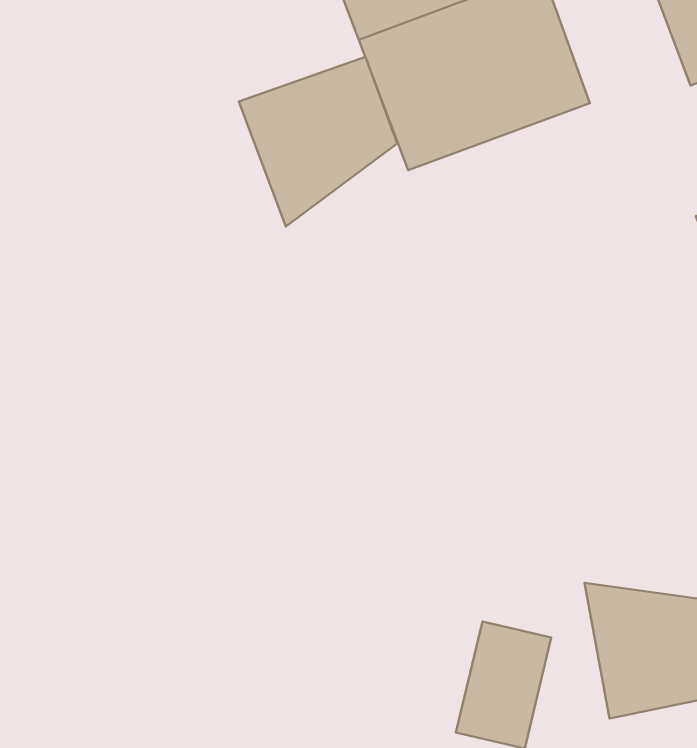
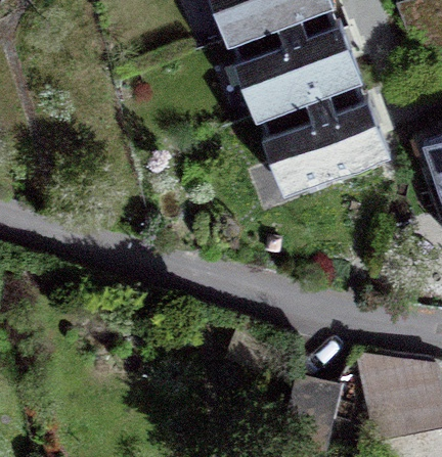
building: [239,57,397,227] -> none
building: none -> [255,79,390,195]

